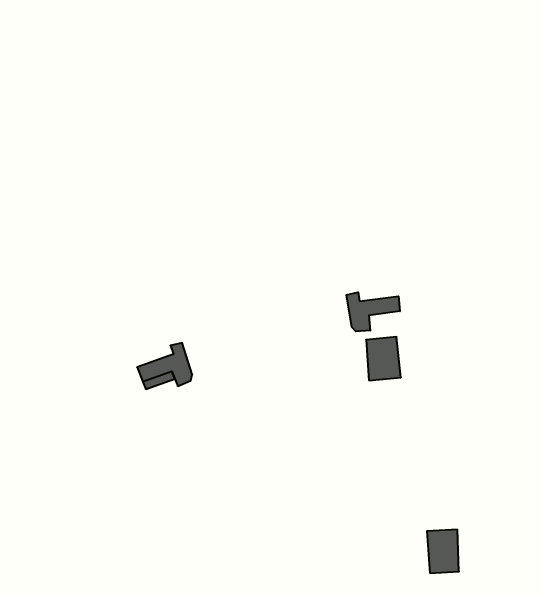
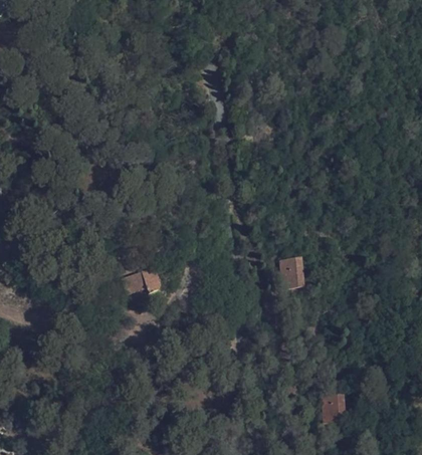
building: [346,292,400,331] -> none

